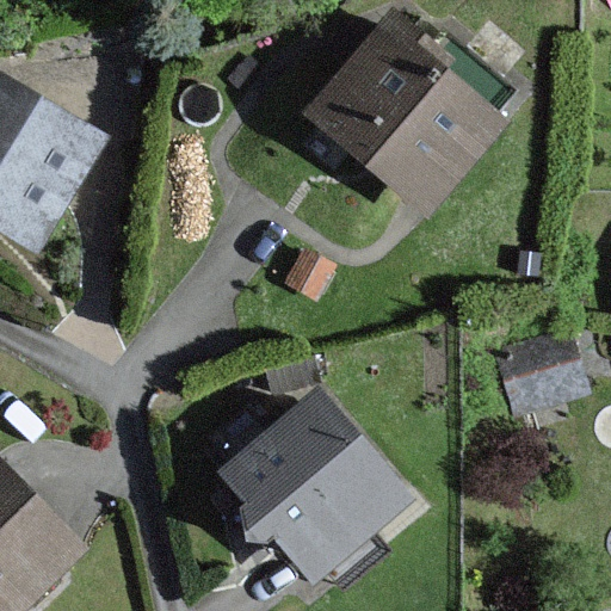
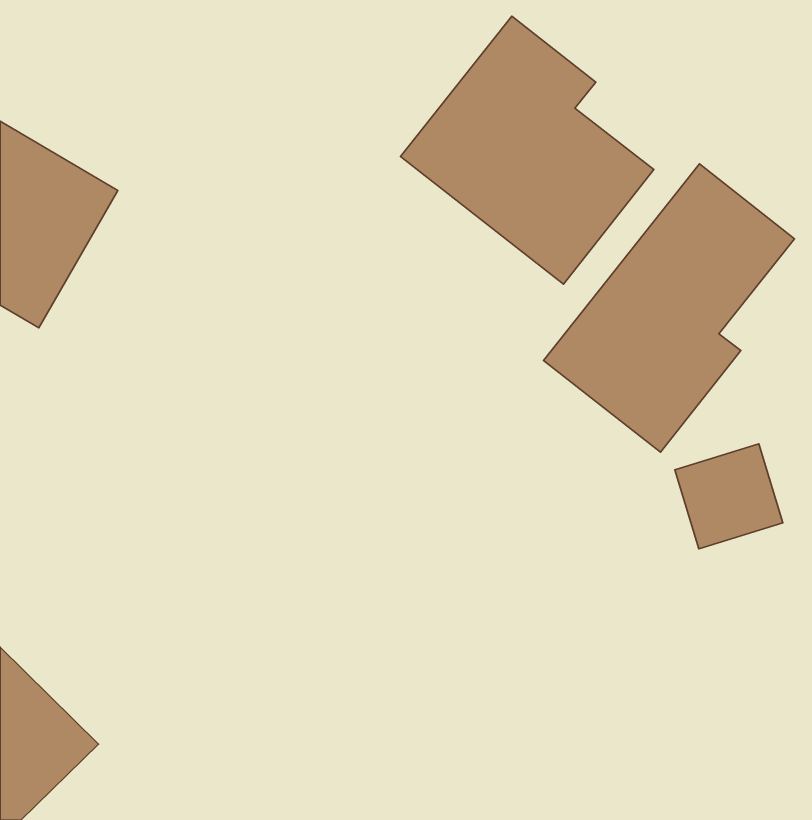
building: none -> [544,164,795,452]
building: [222,397,406,584] -> none

